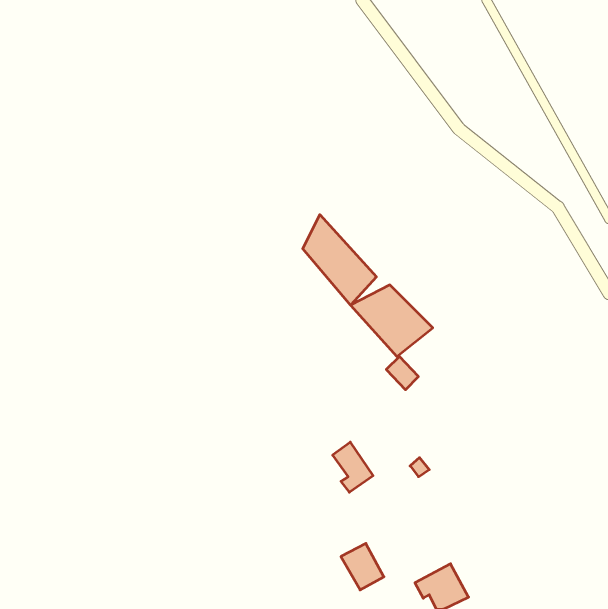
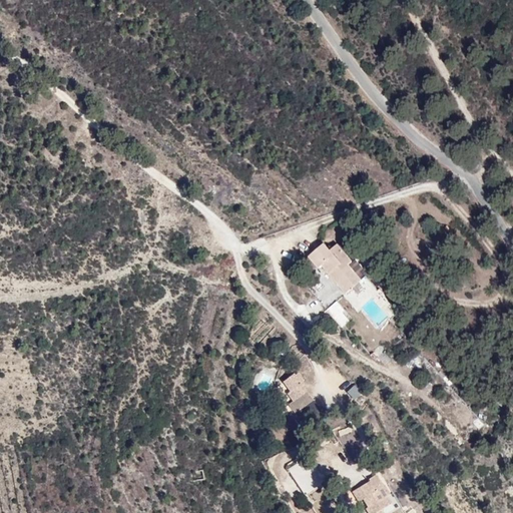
building: [303,215,376,305] -> none

